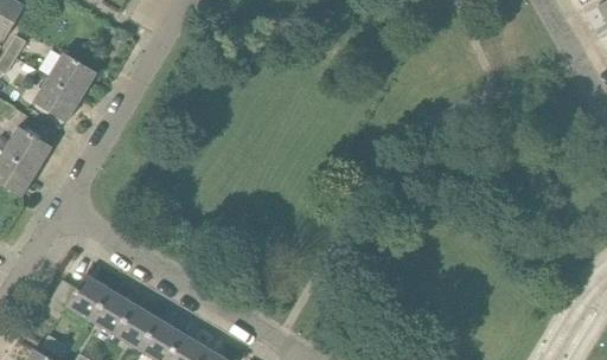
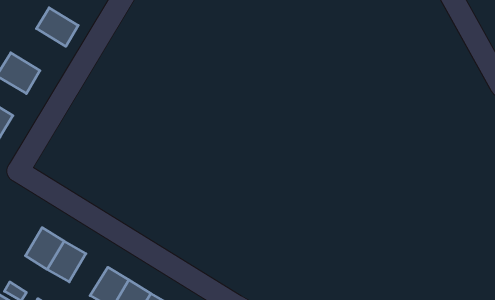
building: [49,52,96,96] -> [36,8,78,46]
building: [115,303,159,351] -> none

